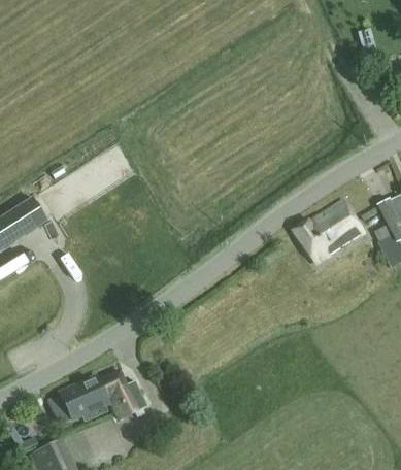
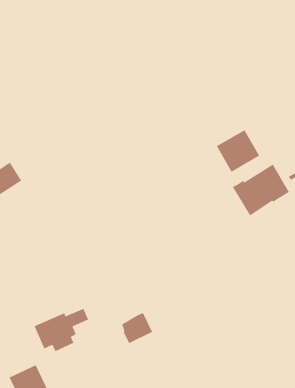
building: none -> [216,129,260,173]
building: [109,381,147,419] -> [121,312,153,344]

